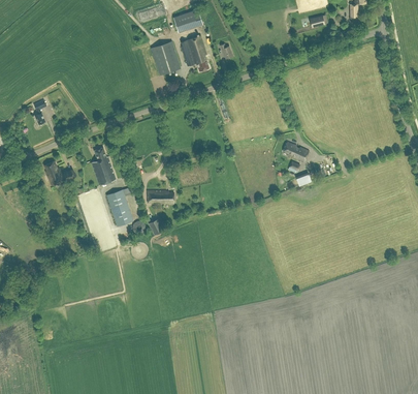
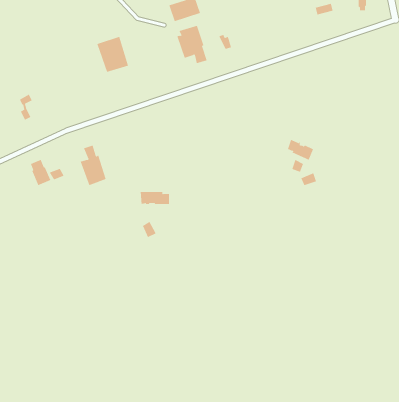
building: [151,40,181,74] -> [97,36,129,73]
building: [106,189,133,226] -> none

